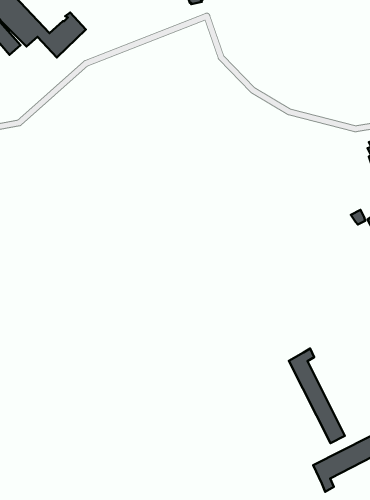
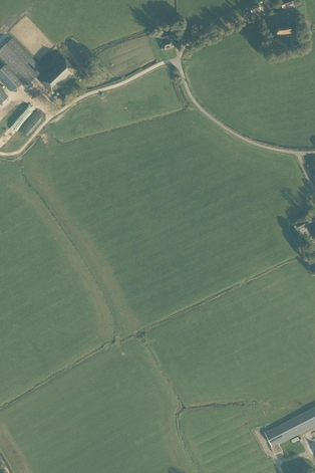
building: [289,348,345,443] -> none

